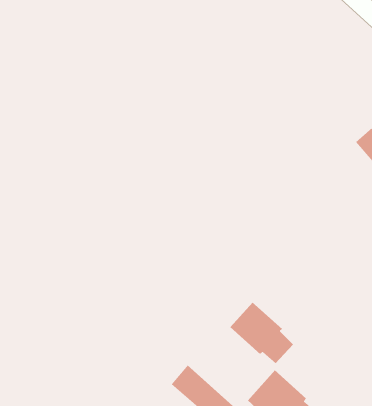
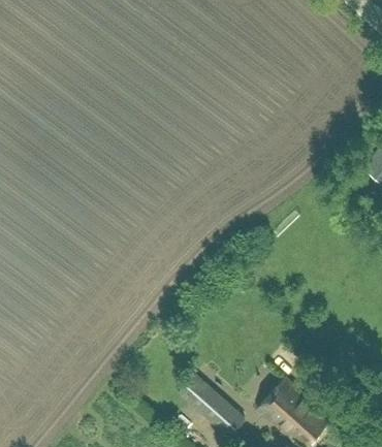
building: [230,302,294,364] -> none

